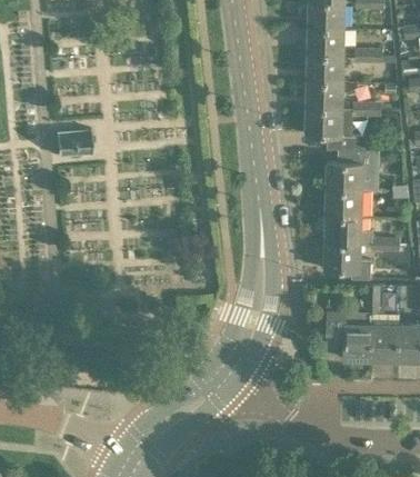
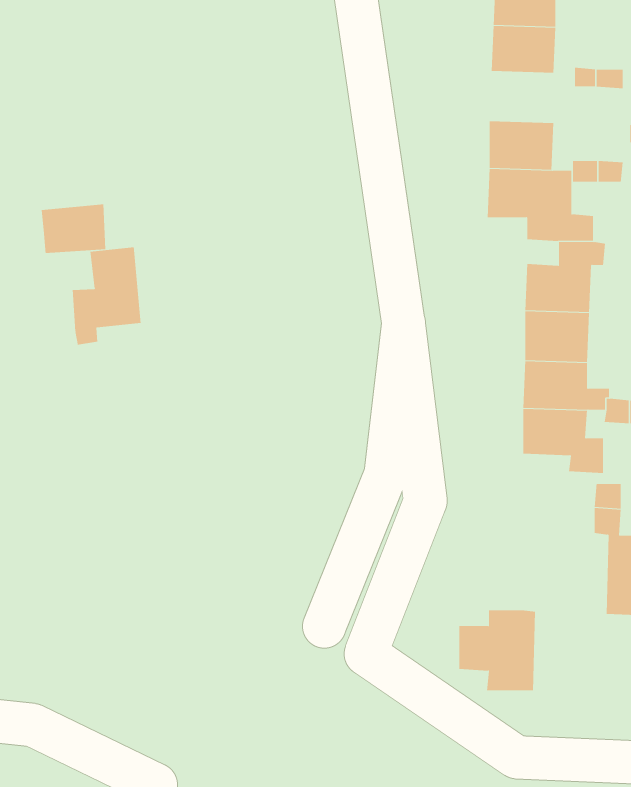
building: [306,56,342,85] -> none
building: none -> [72,247,141,345]
building: [329,315,372,360] -> [458,610,536,691]

